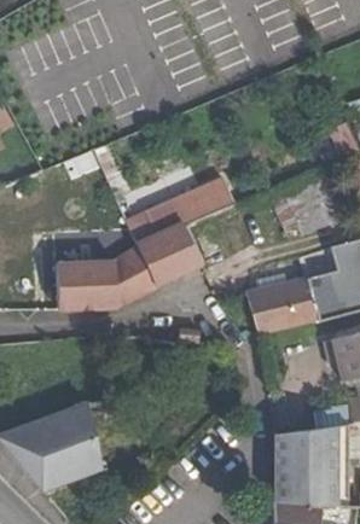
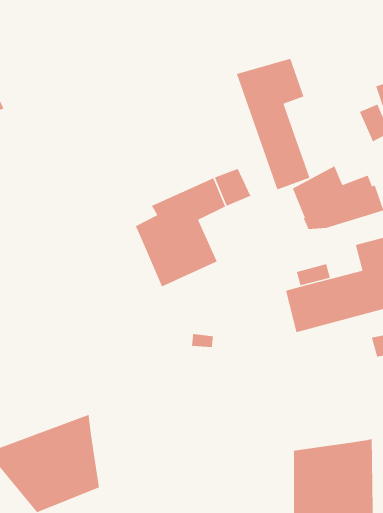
building: none -> [236,58,310,191]
building: [47,251,153,314] -> none

